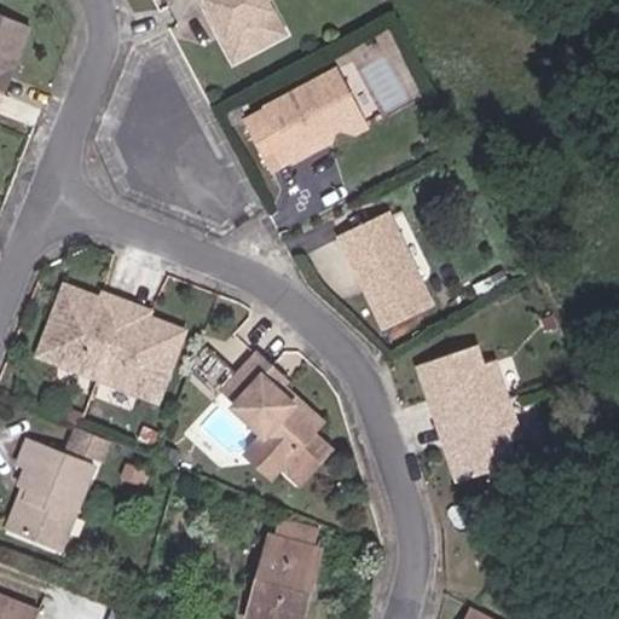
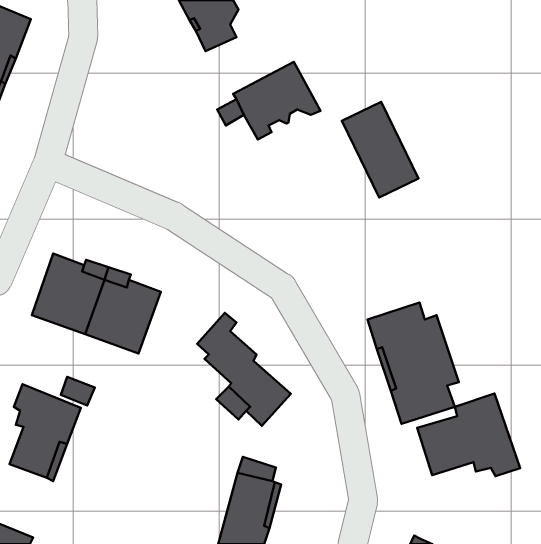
building: [341,214,428,323] -> [342,102,419,198]
building: none -> [417,394,520,476]

